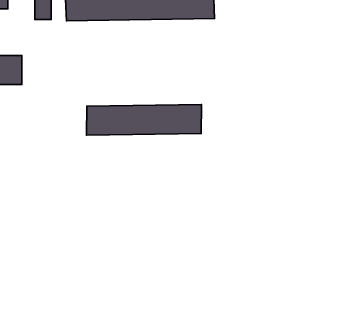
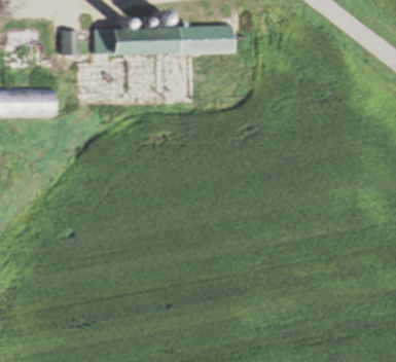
building: [87,105,201,135] -> none

